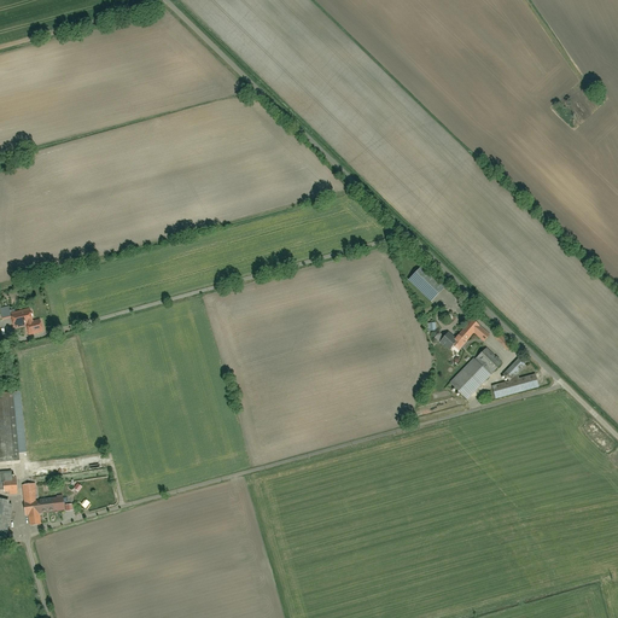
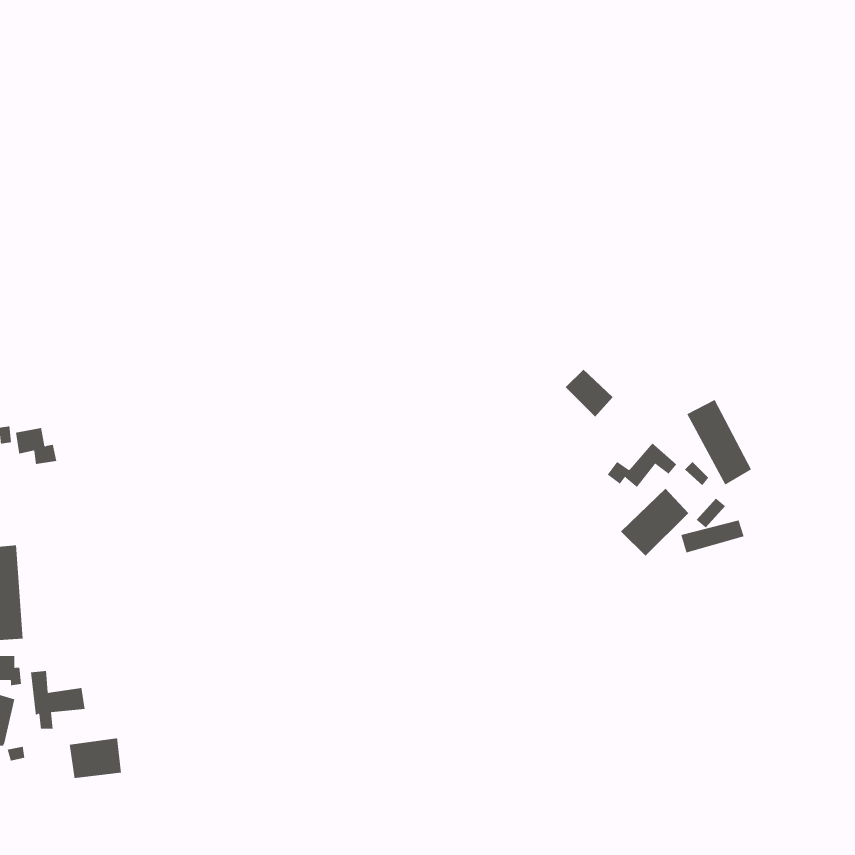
building: none -> [686,399,752,486]
building: none -> [69,737,122,779]

